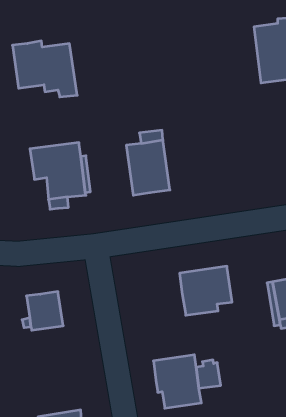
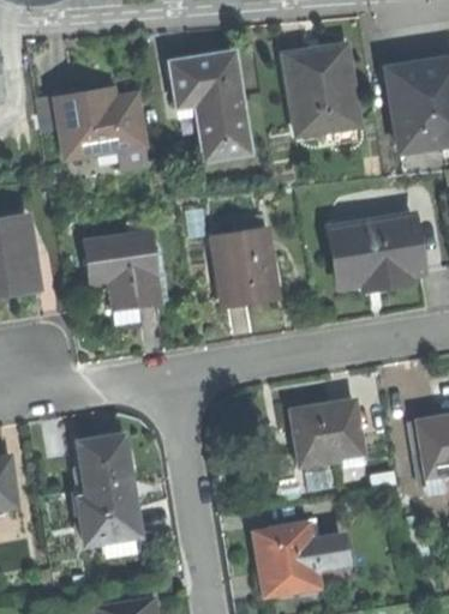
building: none -> [285,47,360,137]
building: none -> [170,52,250,158]
building: none -> [330,216,423,285]
building: none -> [76,482,136,541]

